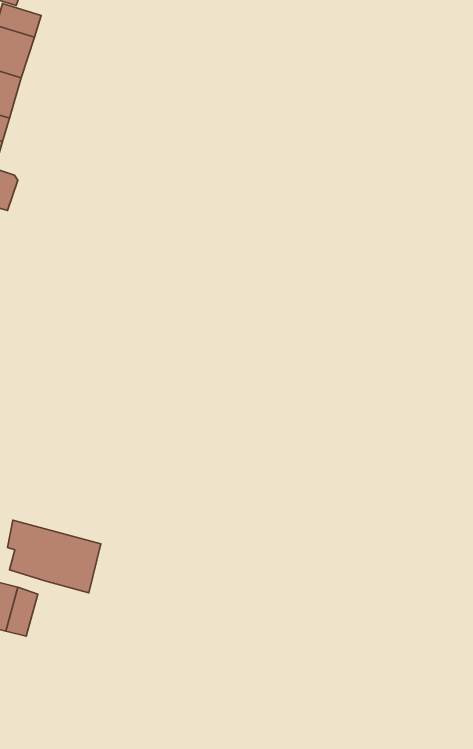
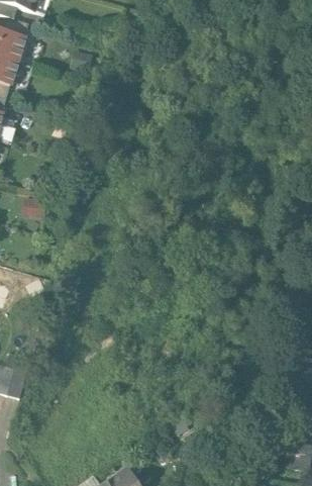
building: [7,520,101,593] -> none

